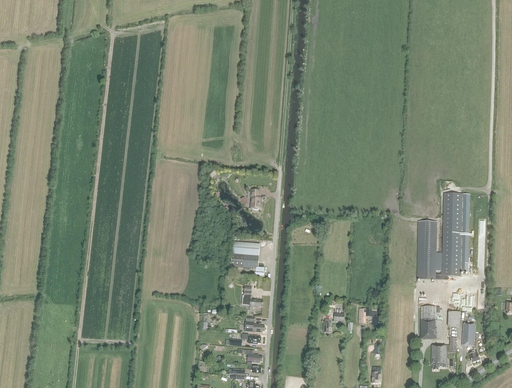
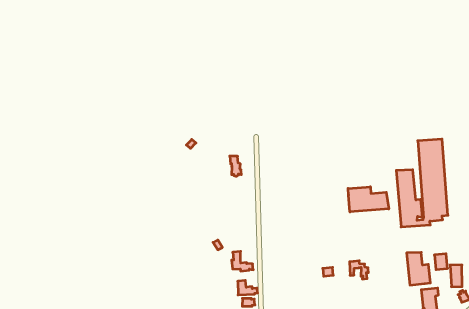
building: none -> [348,187,389,212]
building: [230,240,263,271] -> none

